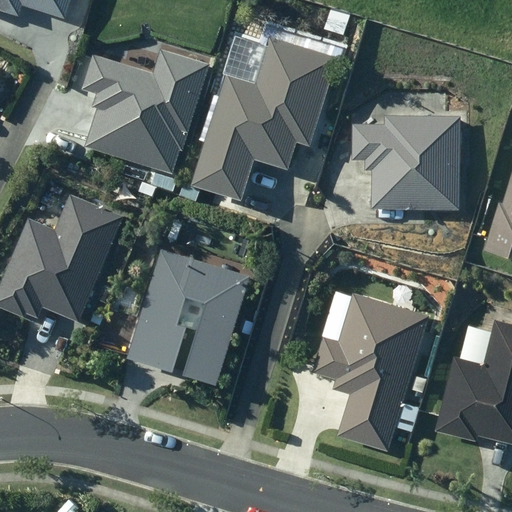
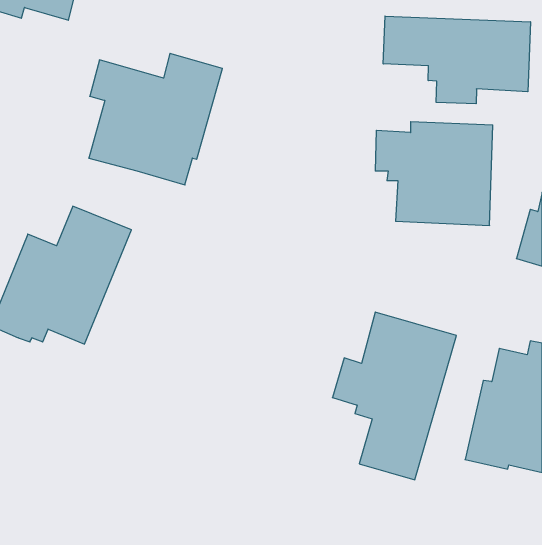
building: none -> [383,16,530,104]
building: [193,26,334,200] -> none
building: [126,249,249,385] -> none

